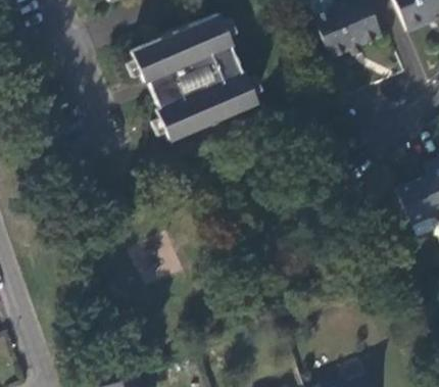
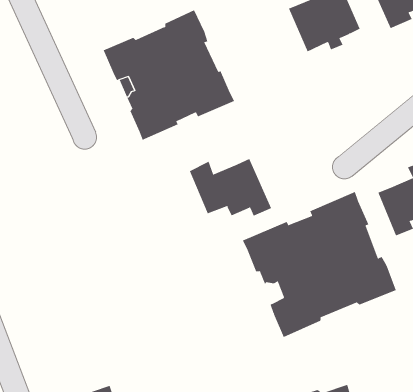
building: none -> [189,158,272,217]
building: none -> [242,191,397,338]

